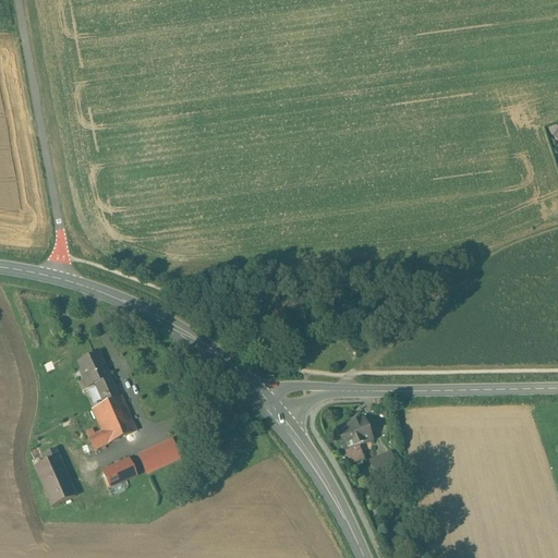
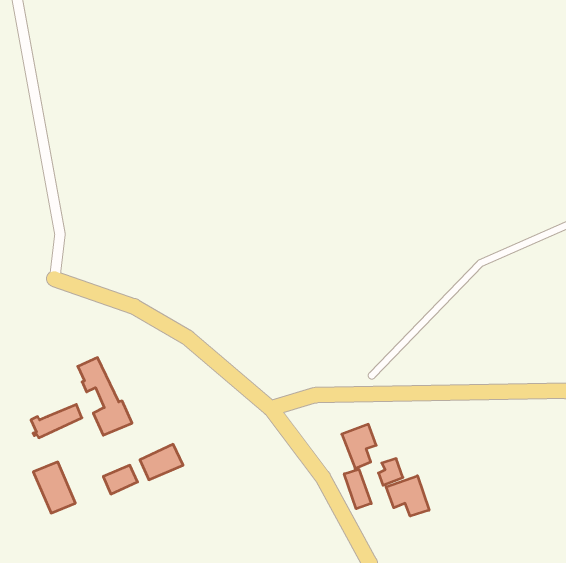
building: [85,415,135,448] -> [31,404,82,438]
building: none -> [344,469,371,509]
building: none -> [386,476,429,516]

